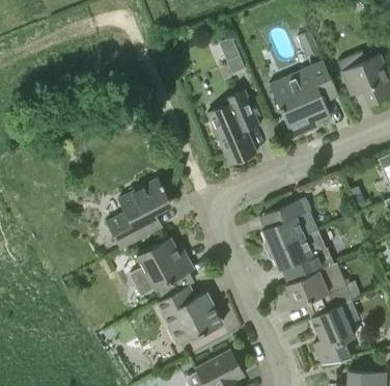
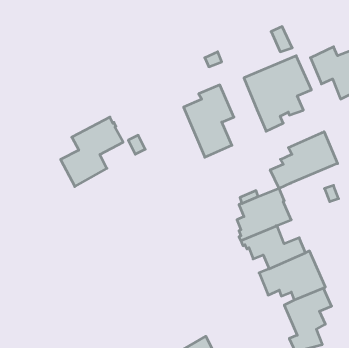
building: none -> [270,132,338,189]
building: [107,178,171,250] -> [61,117,123,187]
building: [130,238,194,295] -> none
building: [158,285,222,343] -> none

